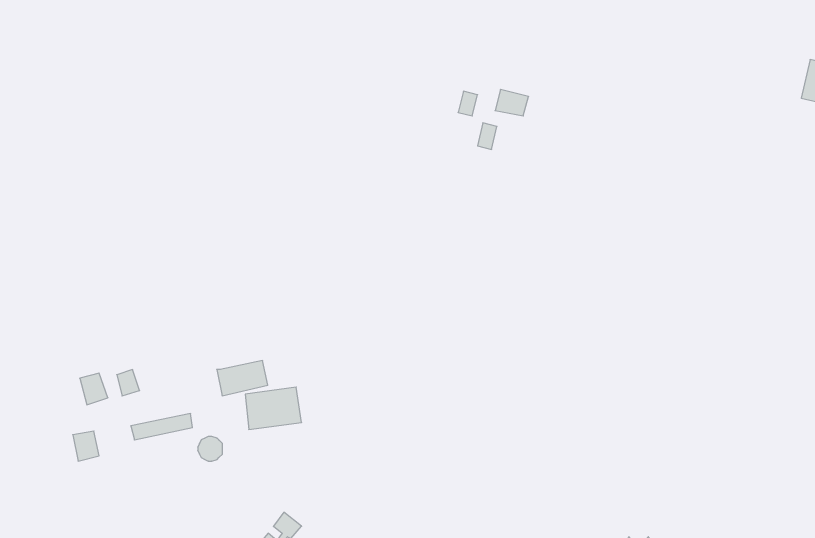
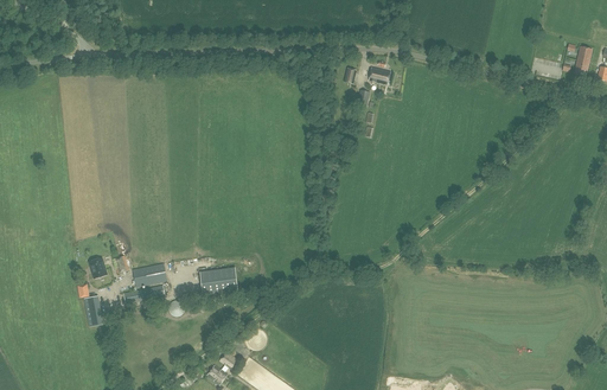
building: [217,361,268,396] -> [133,262,167,286]

